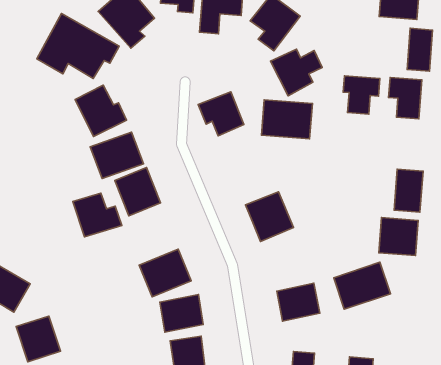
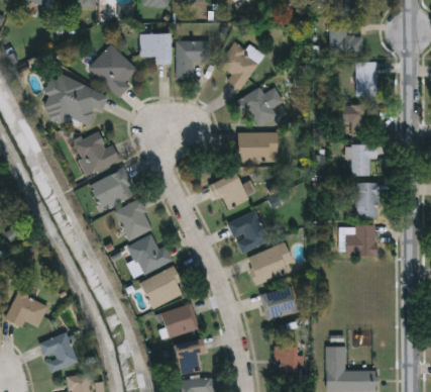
building: [343,76,380,114] -> [345,144,375,176]
building: [198,92,244,136] -> [207,172,247,210]
building: [73,193,122,237] -> [128,235,172,274]
building: [334,262,390,309] -> [245,241,295,284]

